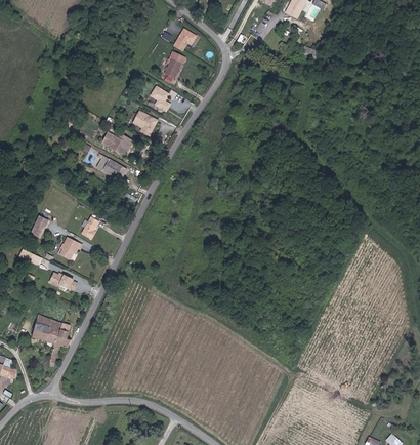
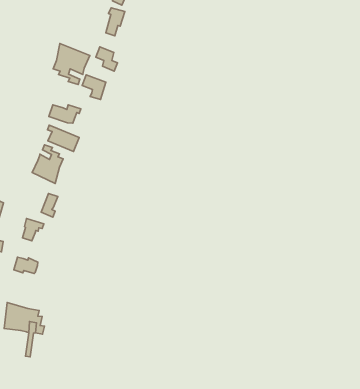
building: none -> [53,43,90,84]
building: none -> [32,145,63,183]

